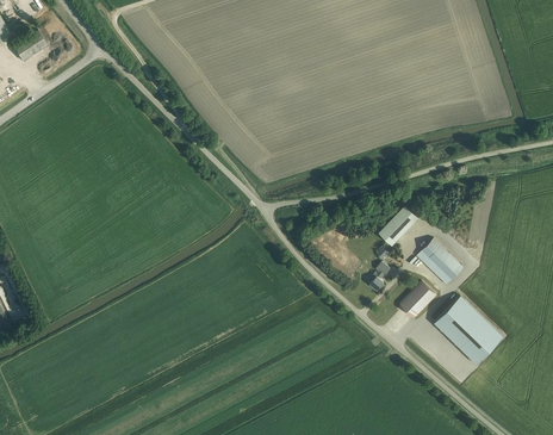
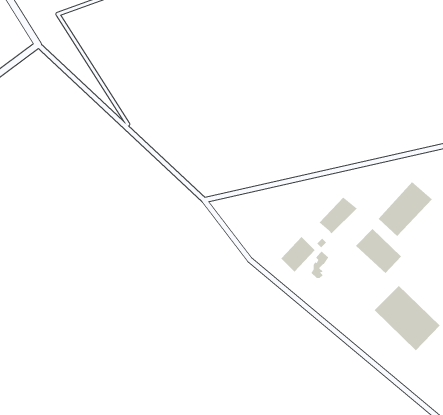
building: none -> [378,181,433,237]
building: [399,281,435,318] -> [280,236,316,272]

